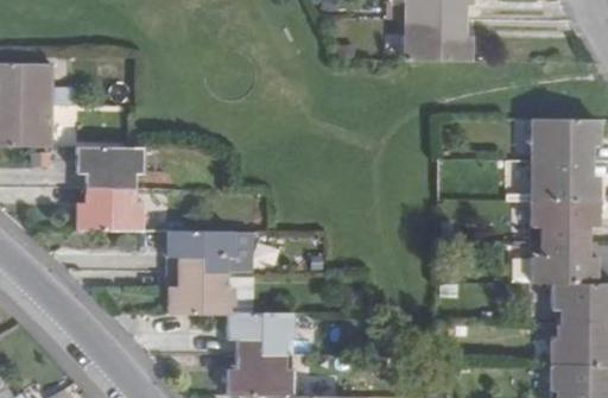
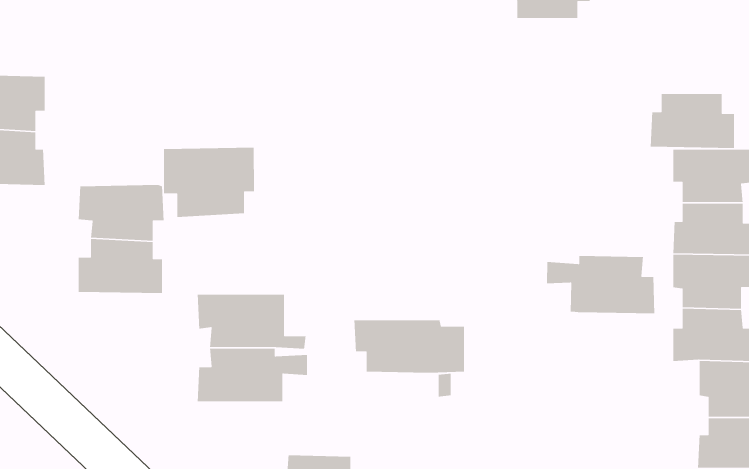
building: [405,19,470,62] -> [650,93,735,149]
building: none -> [163,147,255,218]
building: none -> [546,255,655,314]
building: [228,314,314,355] -> [354,320,465,374]

